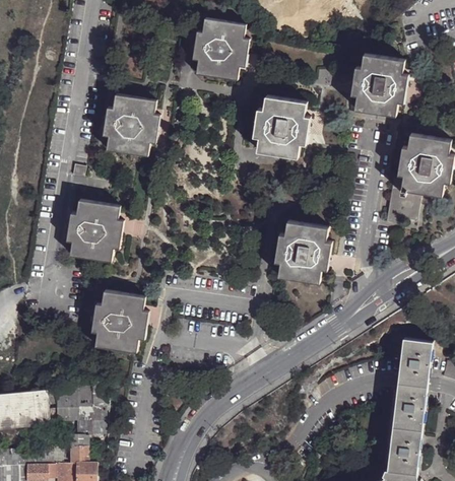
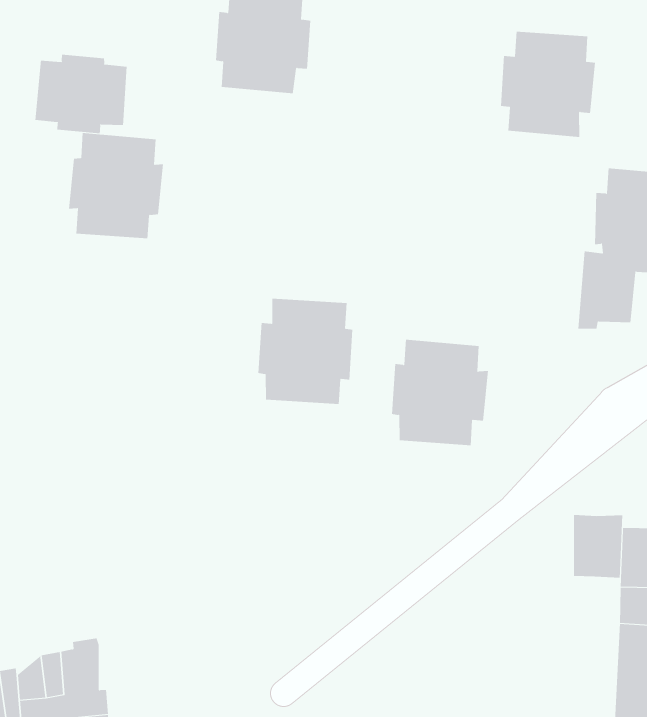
building: none -> [35,54,127,134]
building: [255,96,311,159] -> [258,298,353,405]
building: [66,200,122,262] -> none
building: [89,290,146,350] -> none
building: none -> [574,514,623,579]

